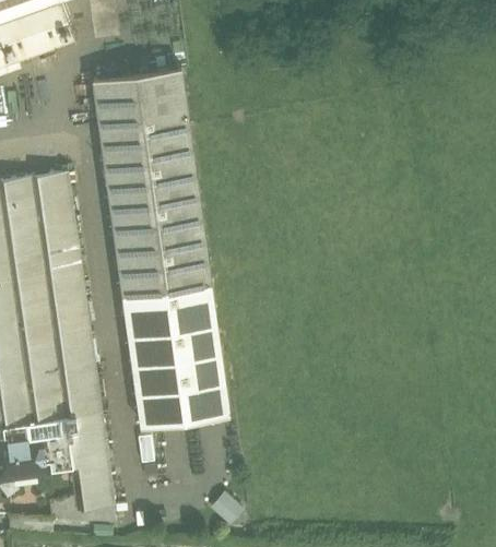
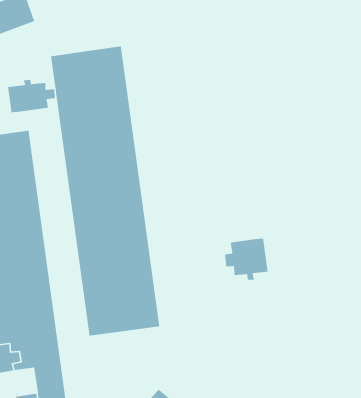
building: none -> [7,79,56,113]
building: none -> [224,238,269,280]

